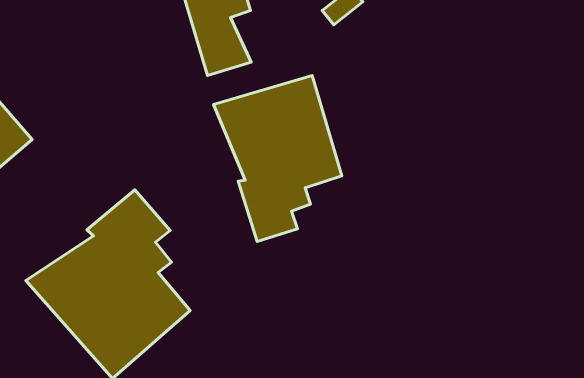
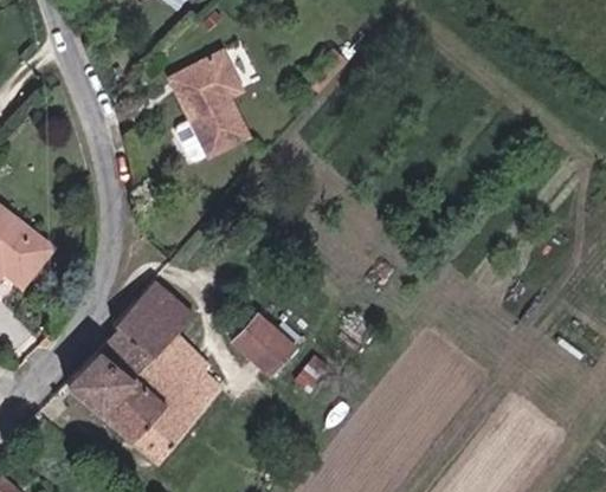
building: [214,76,342,242] -> none
building: none -> [237,317,295,374]

